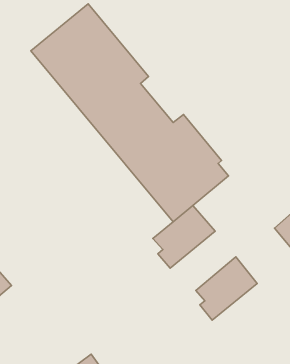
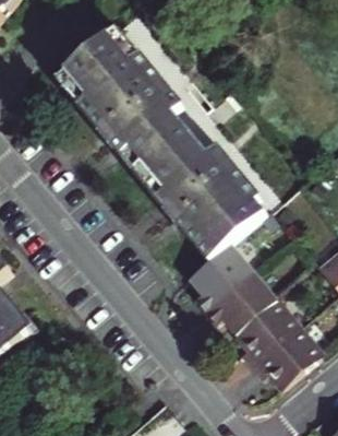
building: none -> [206,271,276,334]
building: none -> [251,327,323,391]

